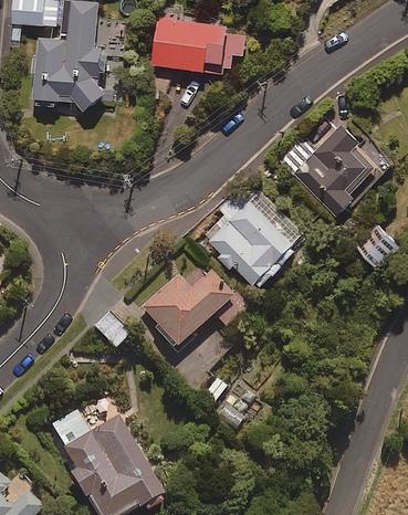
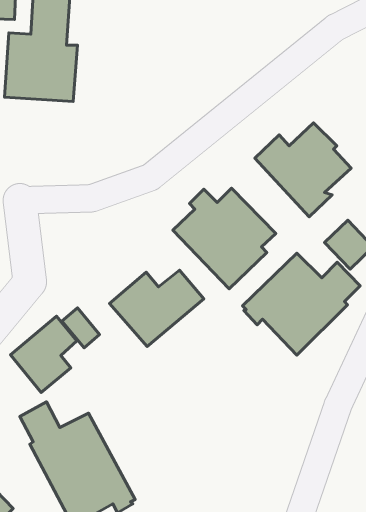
building: [150,14,249,74] -> none
building: none -> [242,253,360,355]
building: none -> [10,316,77,393]

